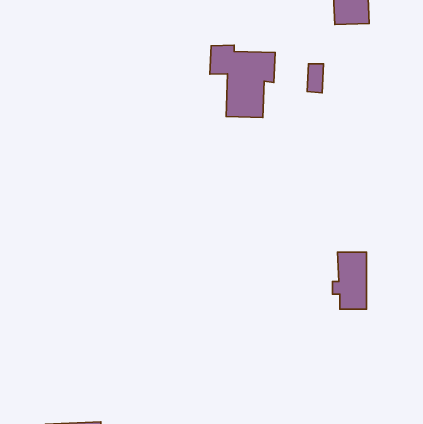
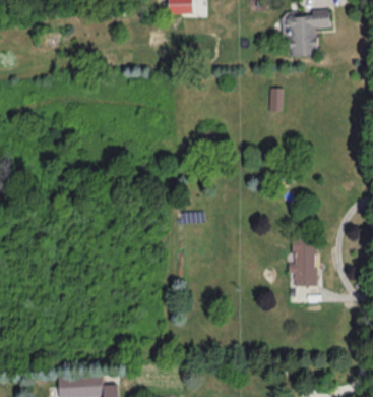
building: [210,45,275,118] -> none

